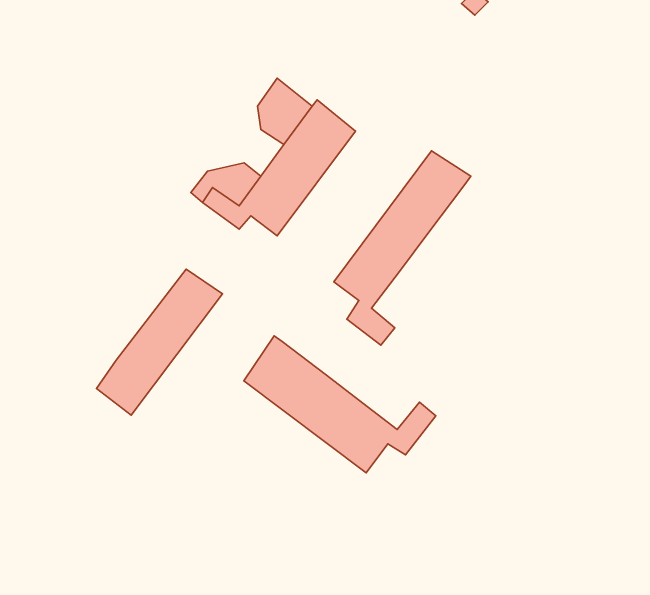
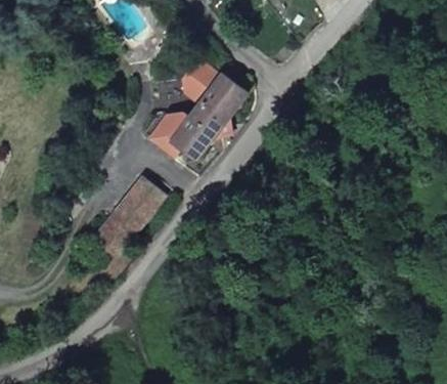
building: [334,151,471,345] -> none
building: [244,336,436,473] -> none

